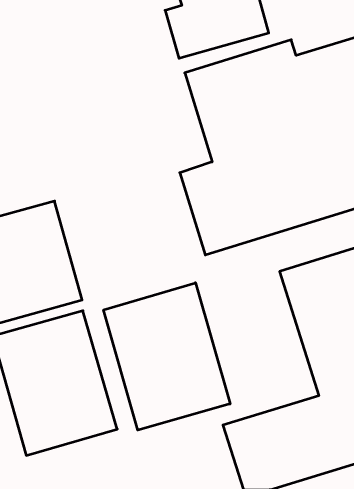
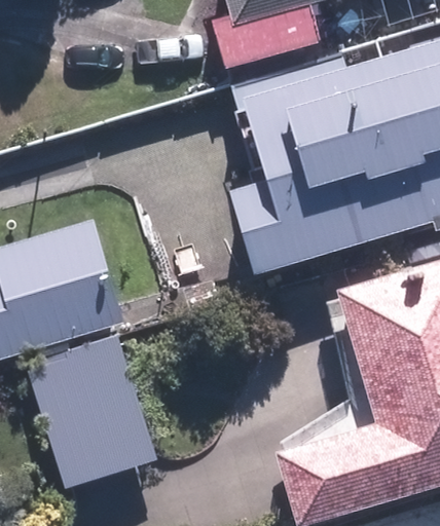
building: [104,283,230,430] -> none

